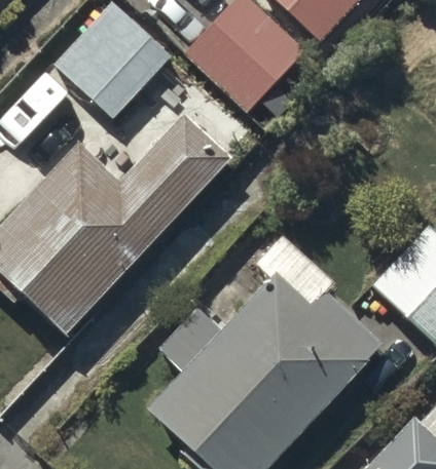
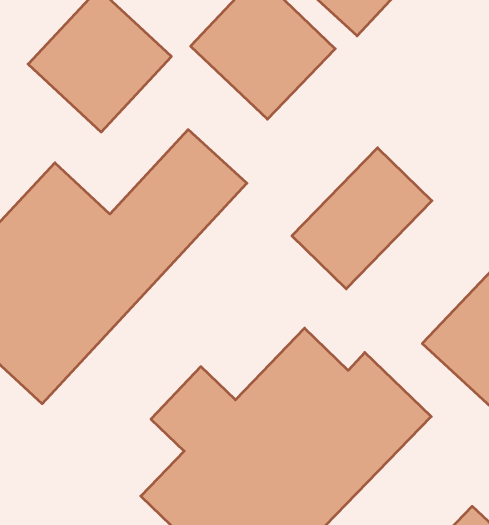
building: none -> [292,148,432,289]

